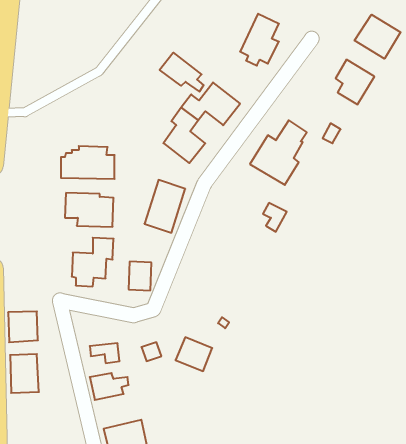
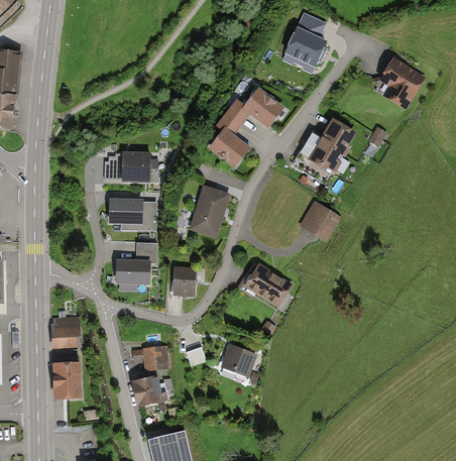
building: [355,15,401,59] -> none
building: [160,53,204,92] -> none
building: none -> [242,264,292,309]

